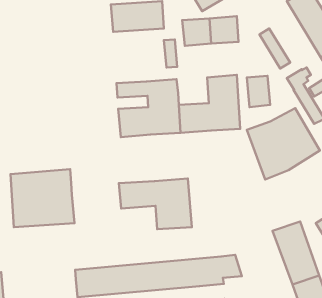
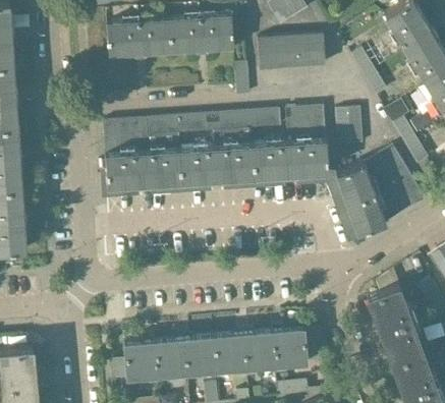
building: none -> [106,19,171,58]
building: none -> [248,109,280,128]
building: [11,169,74,227] -> [102,116,180,187]
building: [119,179,192,229] -> none

